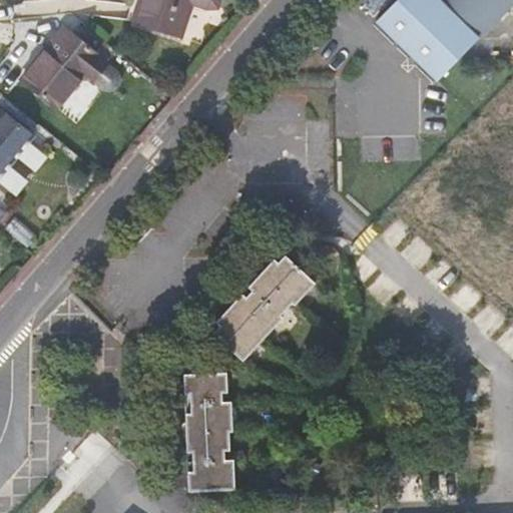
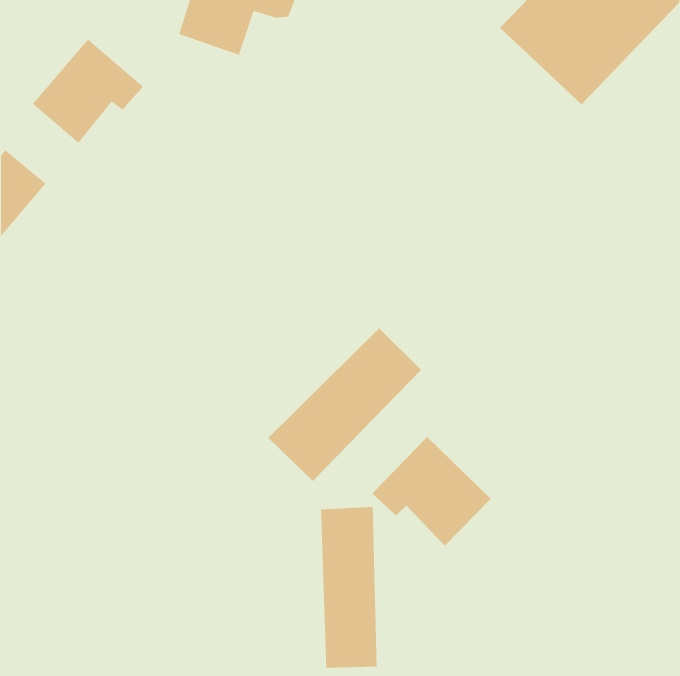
building: none -> [372,436,491,546]
building: [188,371,231,493] -> [320,506,378,669]

